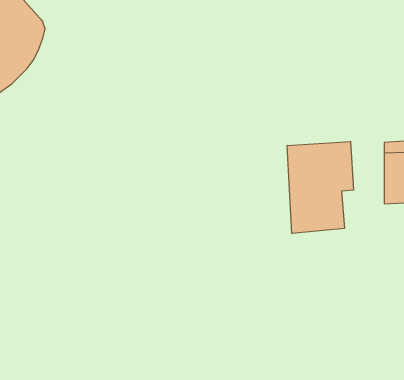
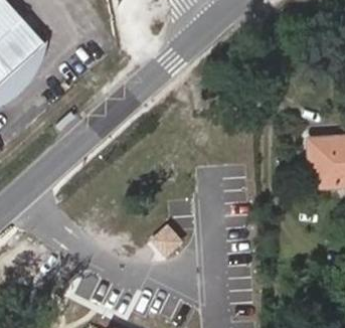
building: [287,141,353,234] -> none

